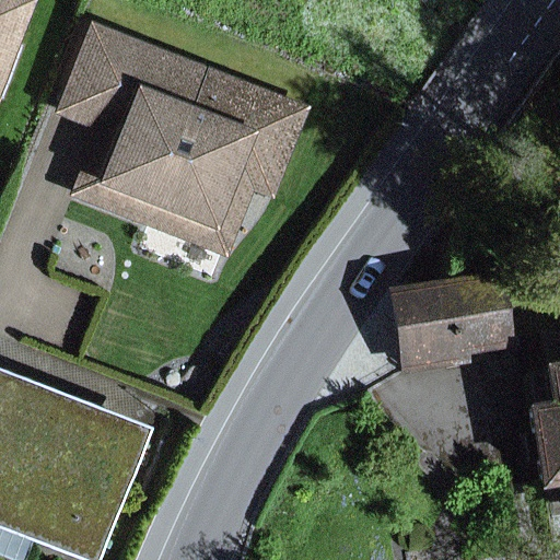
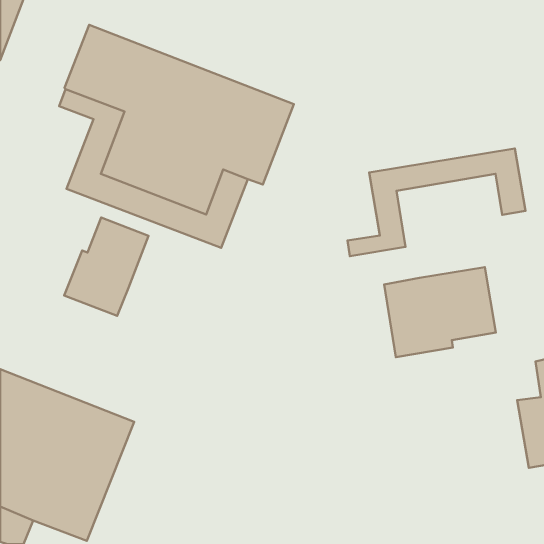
building: none -> [347,149,526,256]
building: none -> [64,218,149,316]

